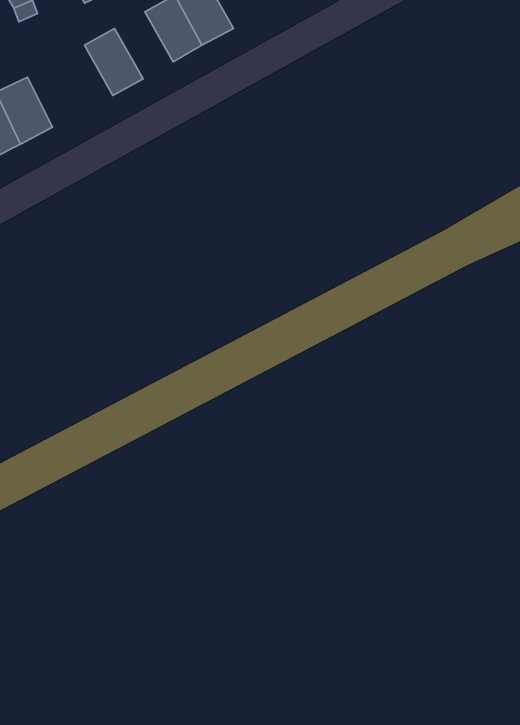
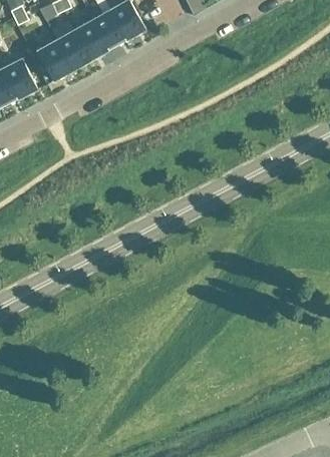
building: none -> [74,20,109,60]
building: none -> [38,40,73,81]

